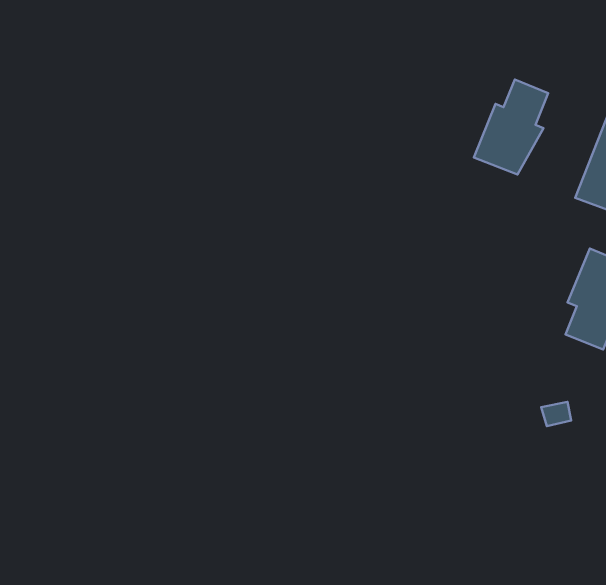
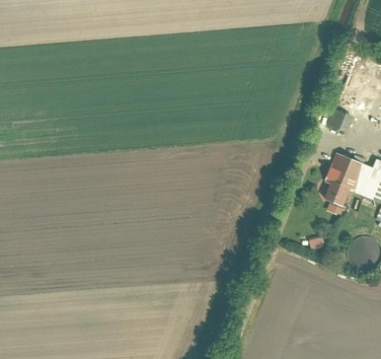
building: [474,80,548,175] -> none

